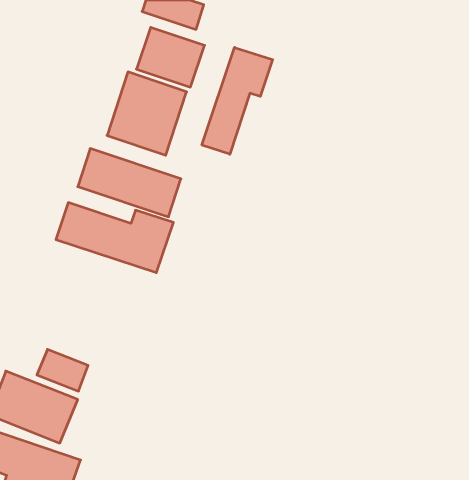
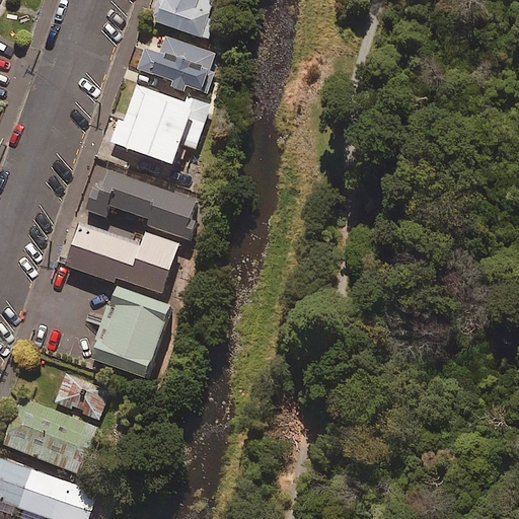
building: [202,47,273,154] -> none
building: none -> [96,290,176,370]

